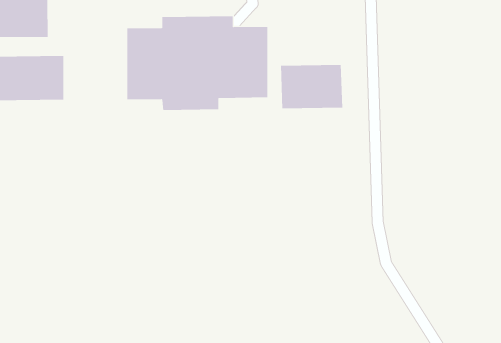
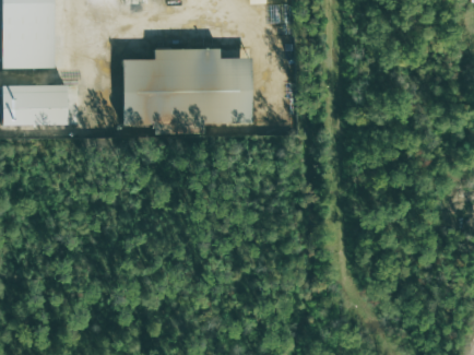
building: [281,64,343,109] -> none

